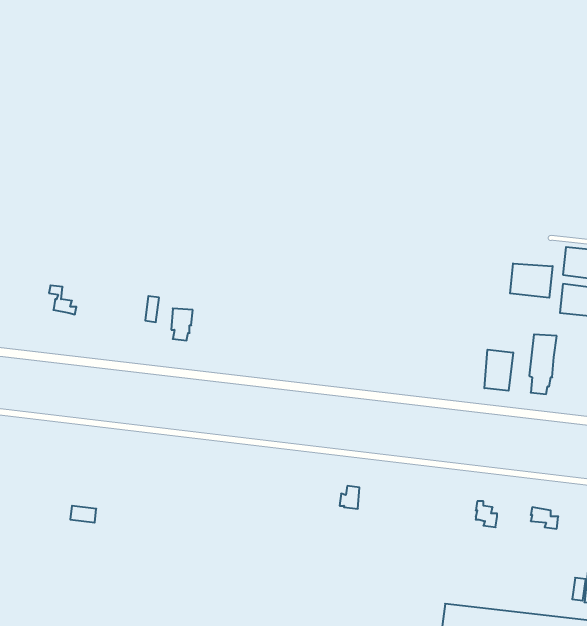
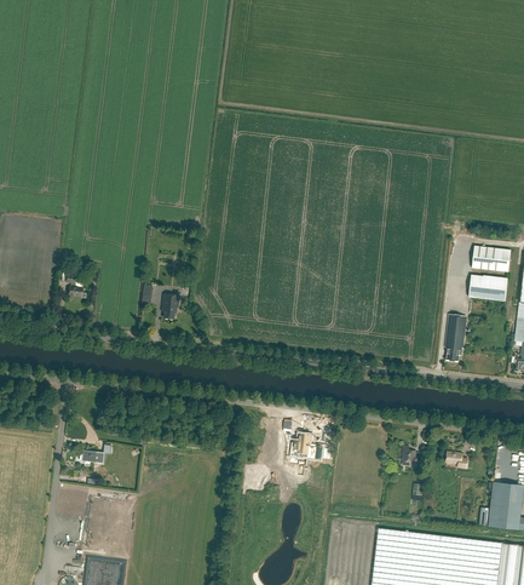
building: [510,263,553,298] -> none
building: [484,350,513,391] -> none

